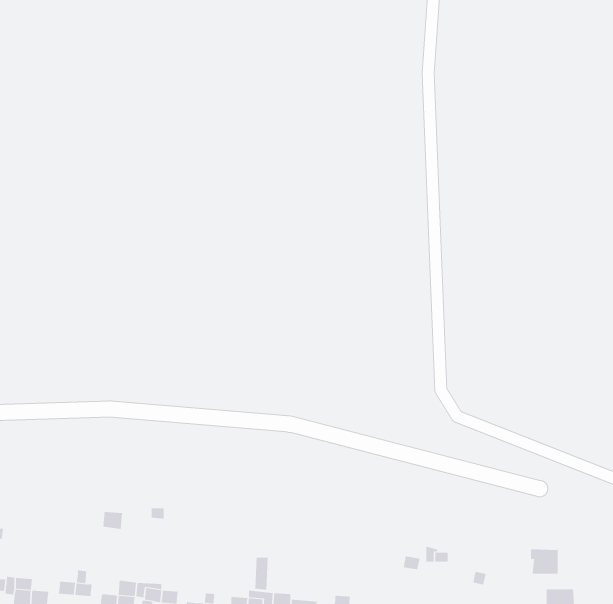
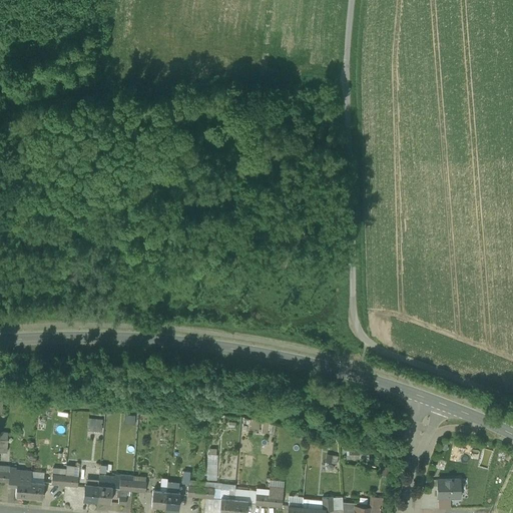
building: [531,549,558,574] -> none

